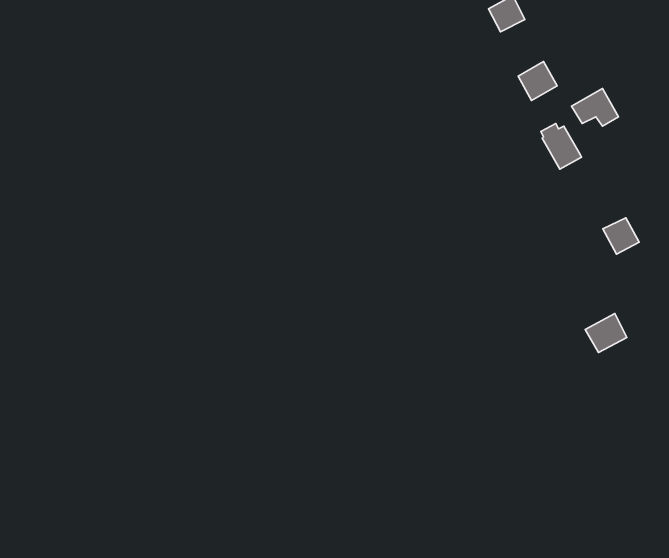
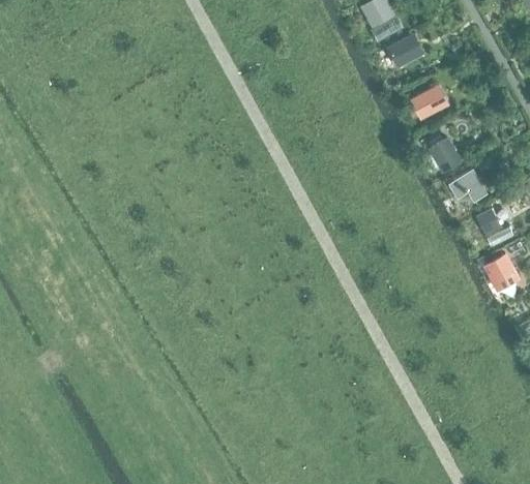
building: [571,89,619,126] -> [450,172,487,201]
building: [585,313,627,352] -> [484,254,517,284]

